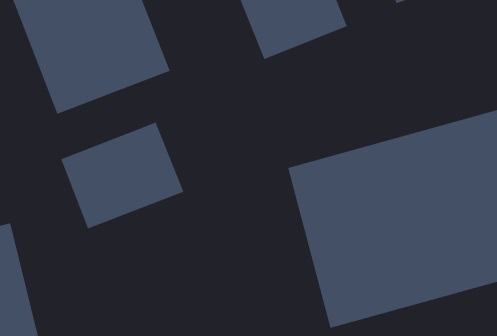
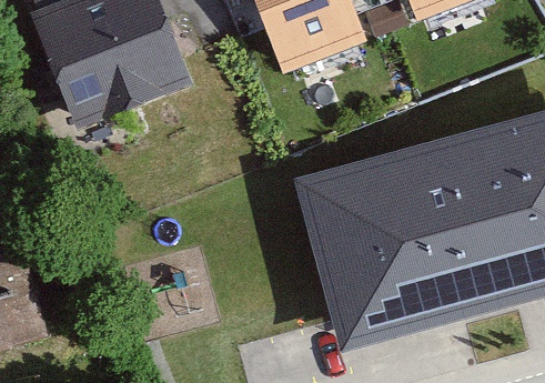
building: [60,122,185,229] -> none

